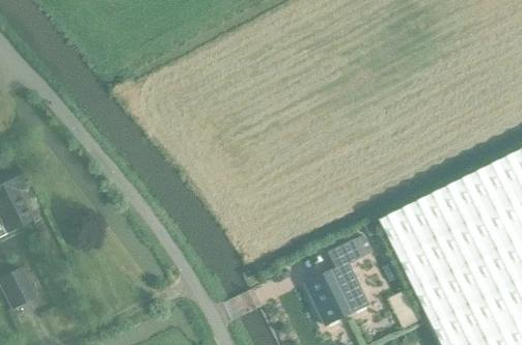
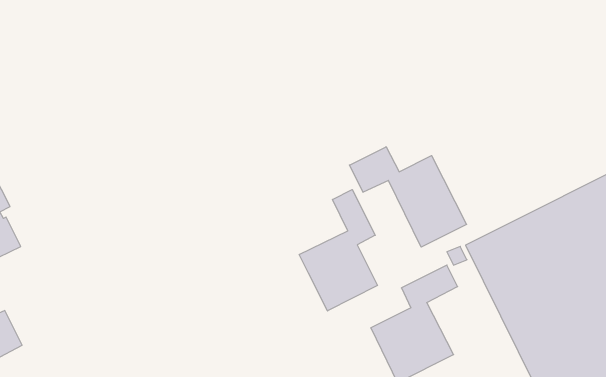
building: none -> [349,147,467,247]
building: none -> [299,190,377,311]

